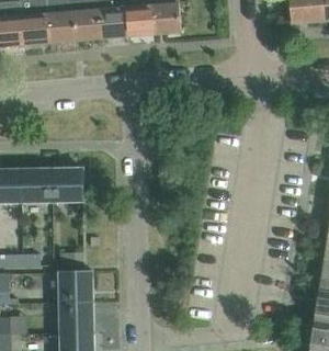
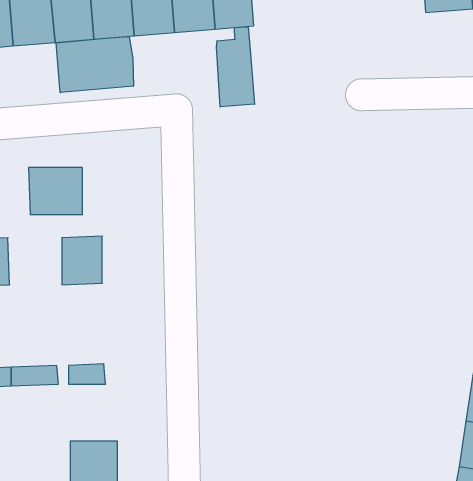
building: none -> [217,27,255,107]
building: none -> [56,36,133,93]
building: [21,169,56,200] -> [29,168,82,215]
building: [60,270,92,302] -> none

